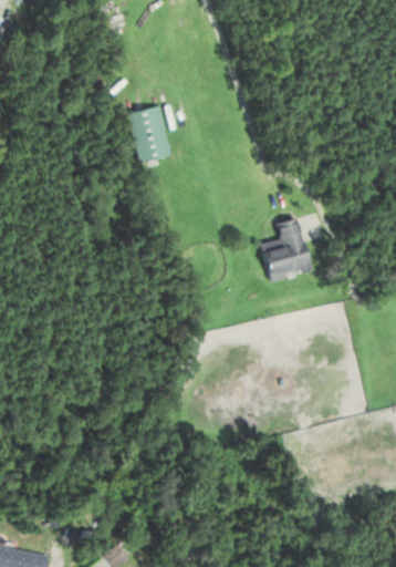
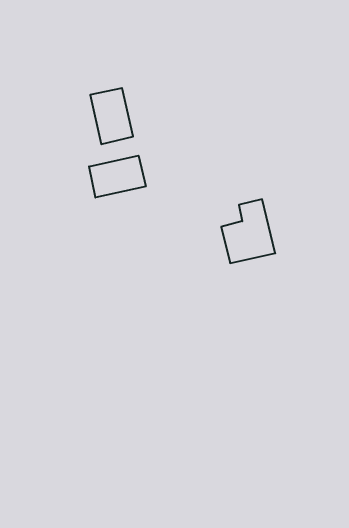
building: none -> [89,156,146,198]

